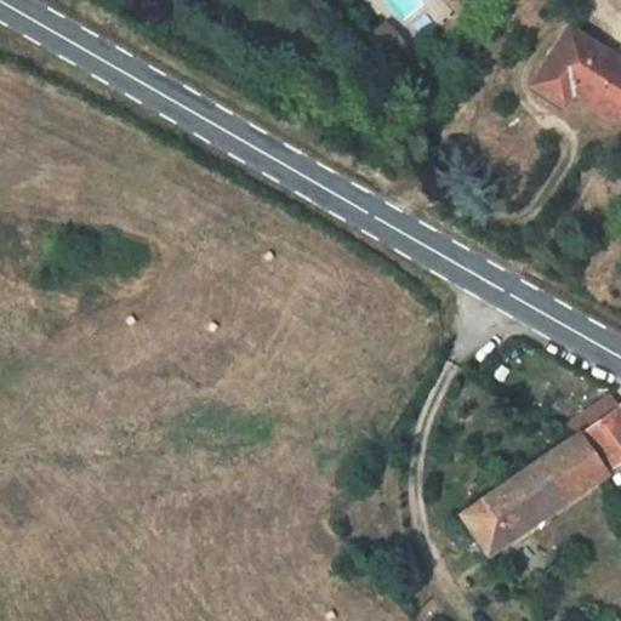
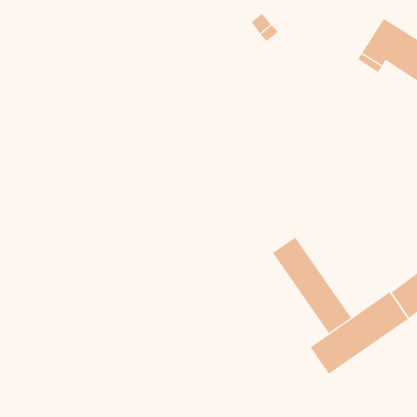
building: none -> [272,237,352,334]

